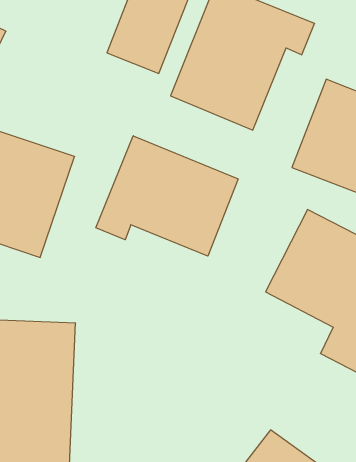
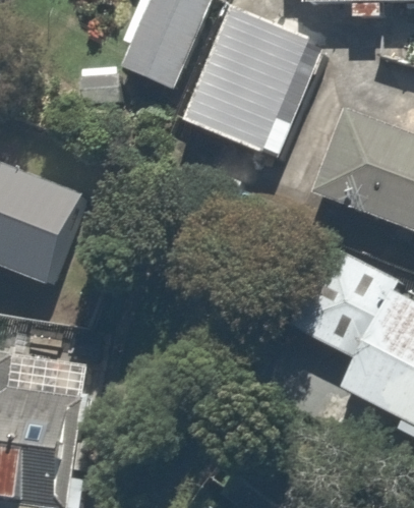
building: [96,136,238,256] -> none

